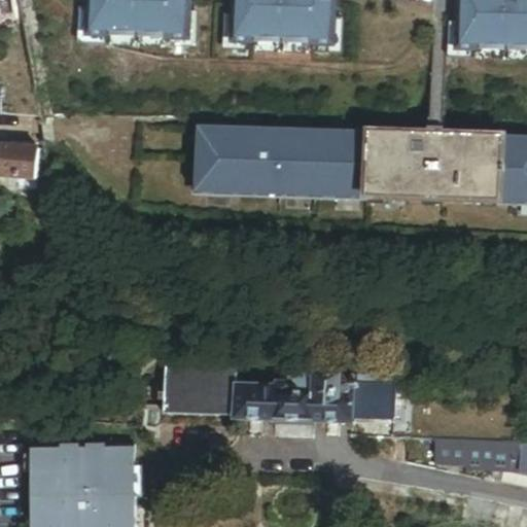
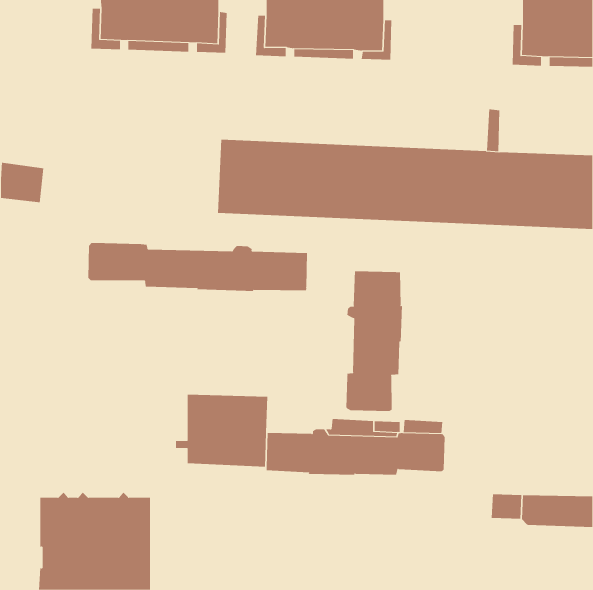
building: none -> [88,242,308,292]
building: none -> [346,270,403,412]

